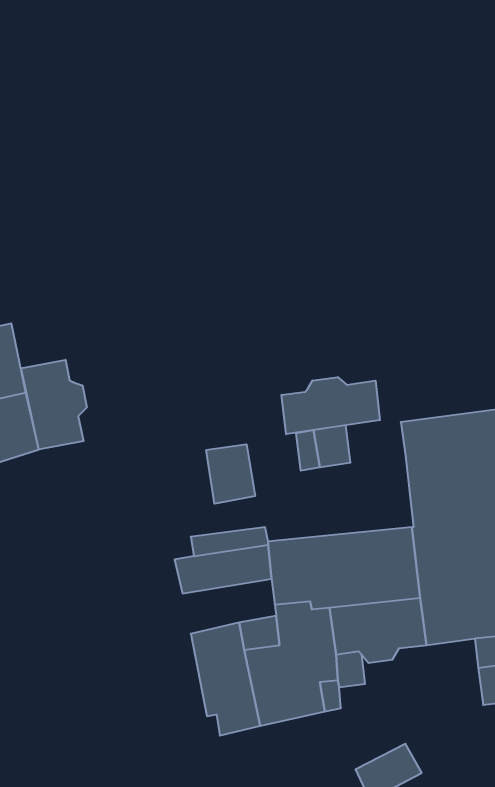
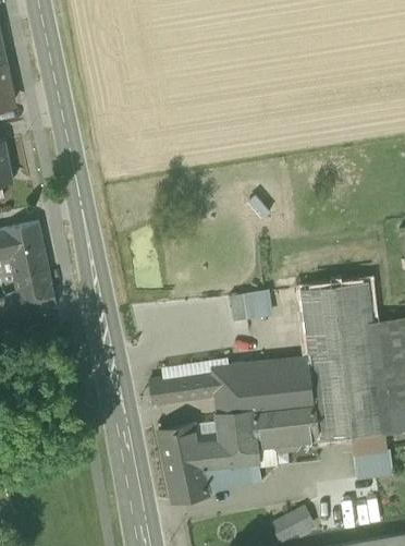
building: [21,360,87,450] -> none
building: [282,377,380,434] -> none
building: [206,444,255,504] -> none

